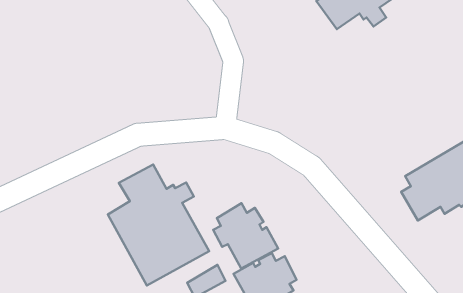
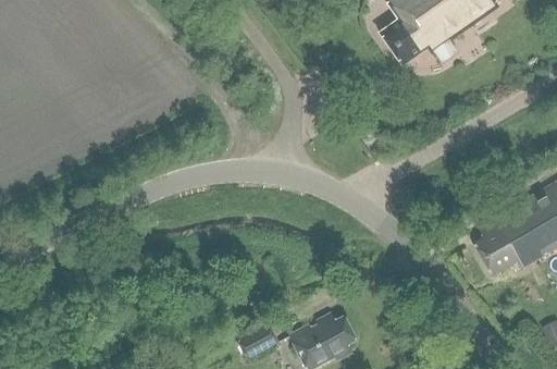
building: [108,165,209,285] -> none
building: [213,203,278,269] -> none

